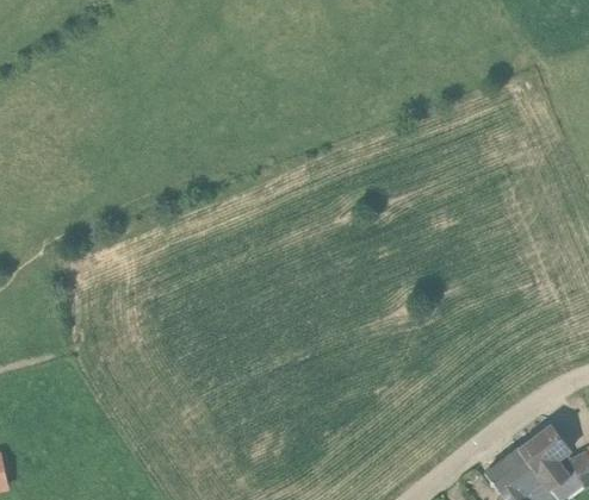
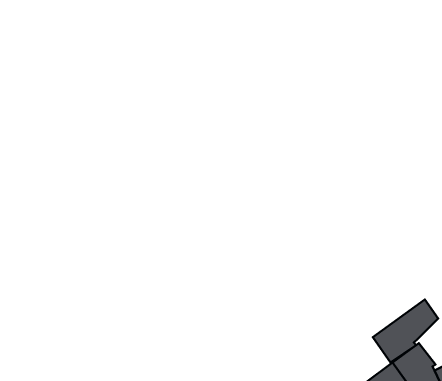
building: none -> [373,300,438,363]

